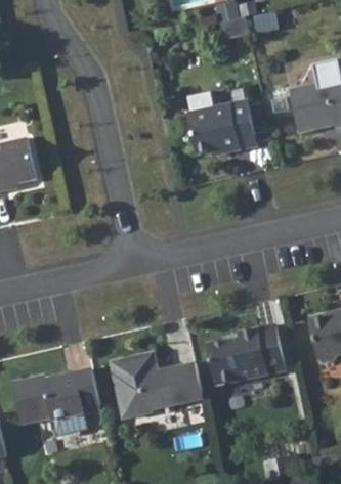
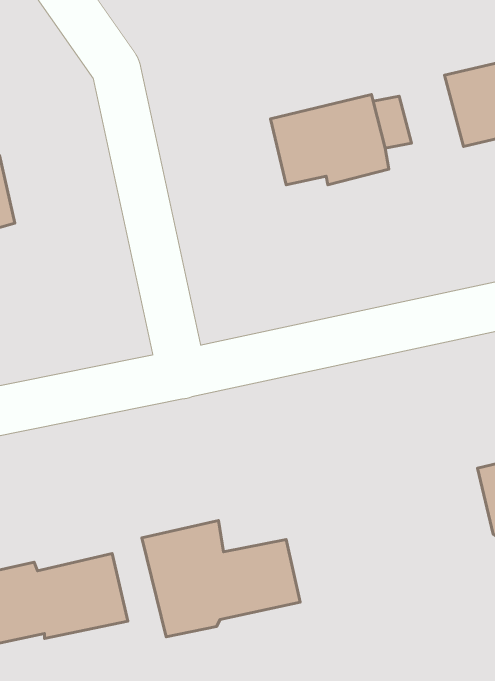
building: [207,323,285,384] -> none

